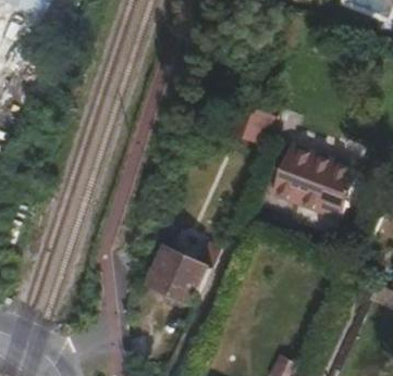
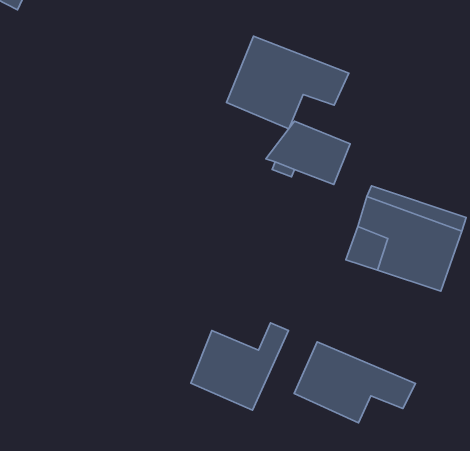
building: none -> [227,36,349,129]
building: none -> [294,342,416,423]

